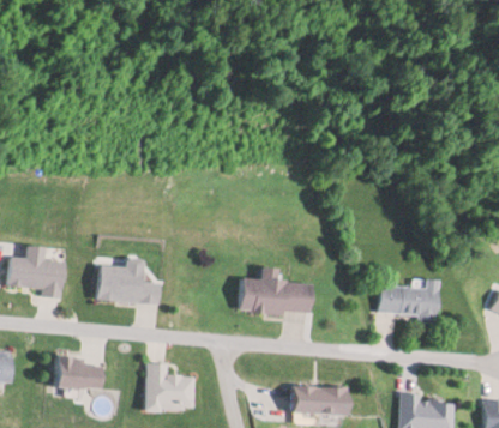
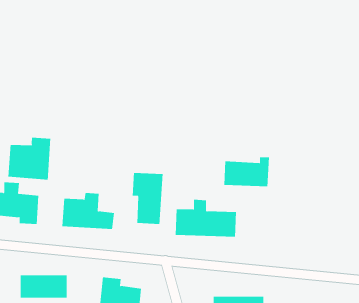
building: none -> [8,137,51,180]
building: none -> [132,172,163,225]
building: [379,281,437,318] -> [223,157,270,187]

